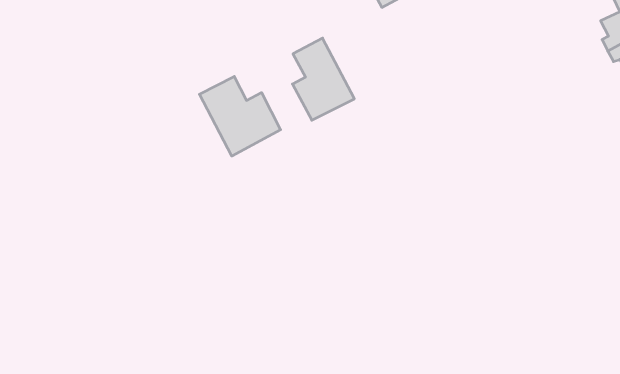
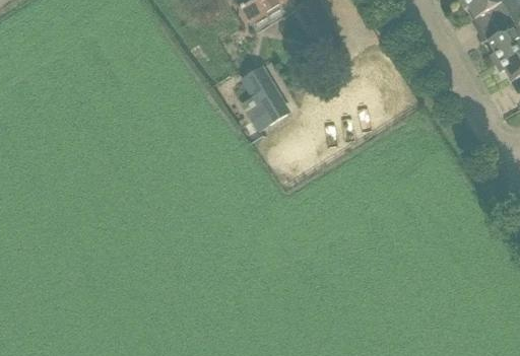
building: [199,76,281,156] -> none

